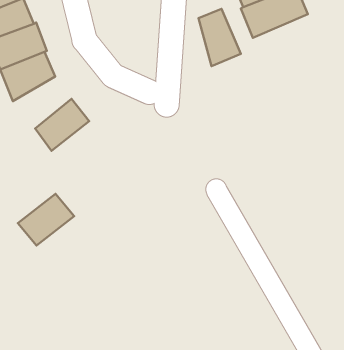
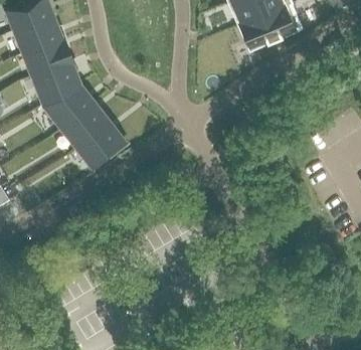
building: [198,9,241,66] -> none
building: none -> [44,83,95,128]
building: [18,194,74,246] -> [77,122,126,166]

